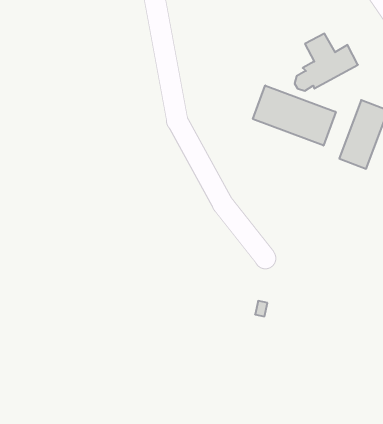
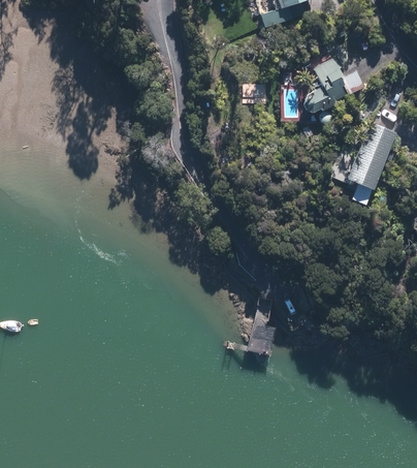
building: [253,85,336,146] -> none

